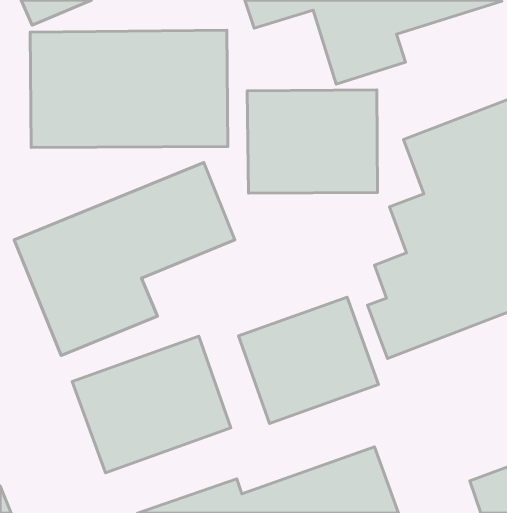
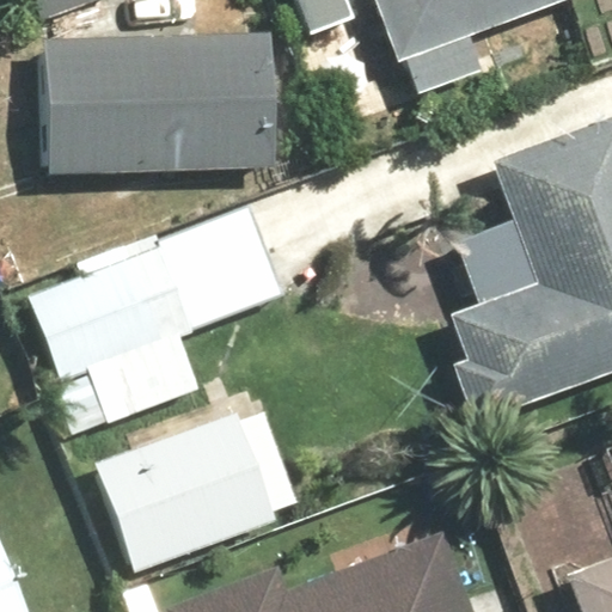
building: [247,90,377,193] -> none
building: [238,297,379,423] -> none

